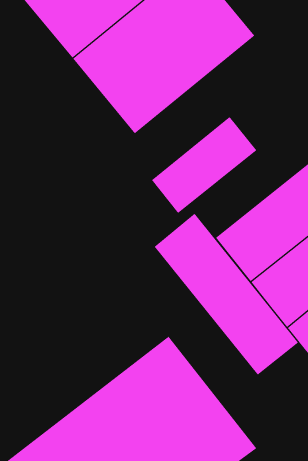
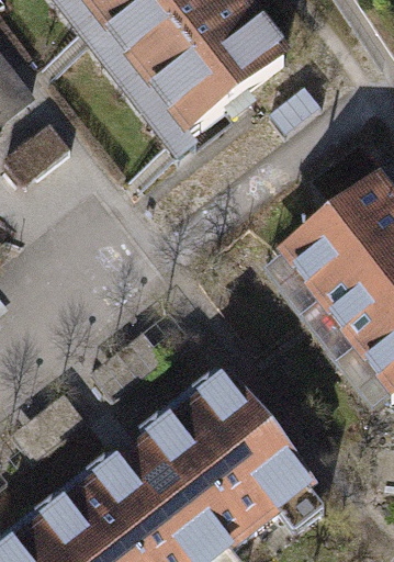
building: [151,116,257,214] -> none
building: [154,213,299,376] -> none

